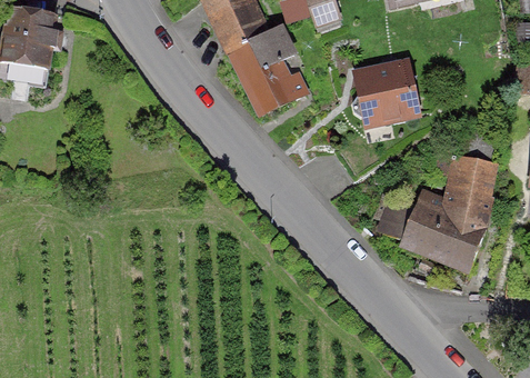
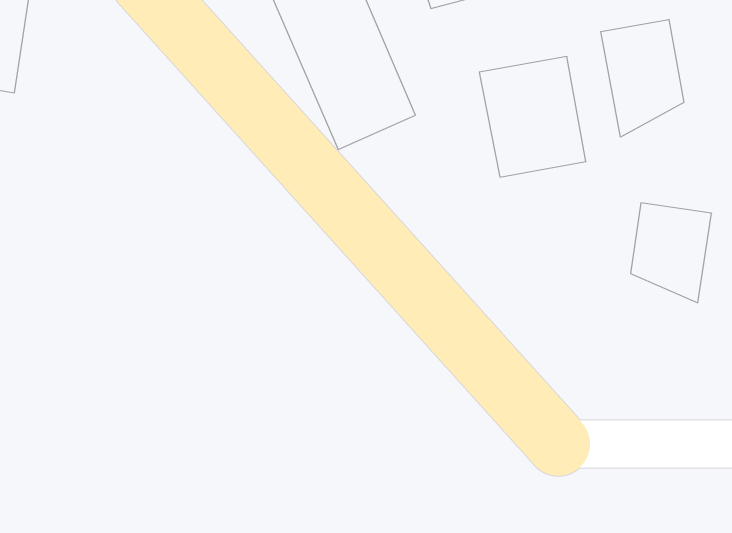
building: none -> [601,19,684,137]
building: [401,187,497,275] -> none

